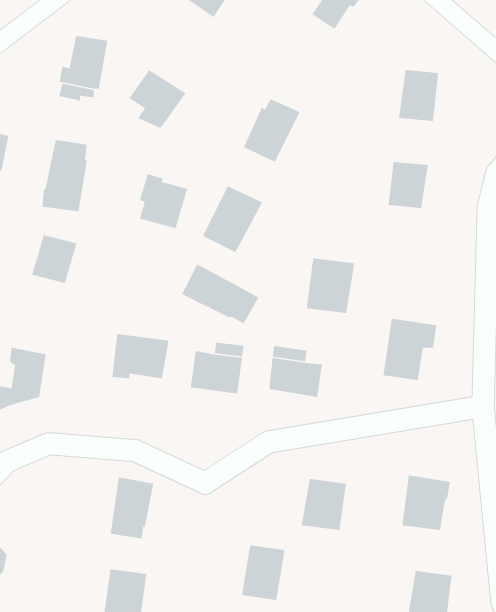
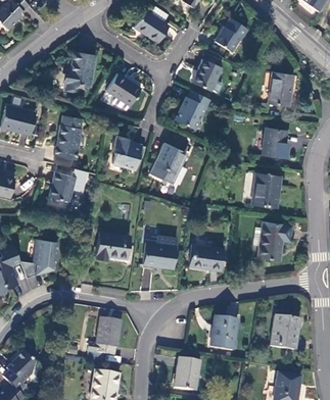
building: none -> [192,58,222,90]
building: [306,258,355,314] -> [251,172,281,206]
building: [181,263,259,325] -> none

